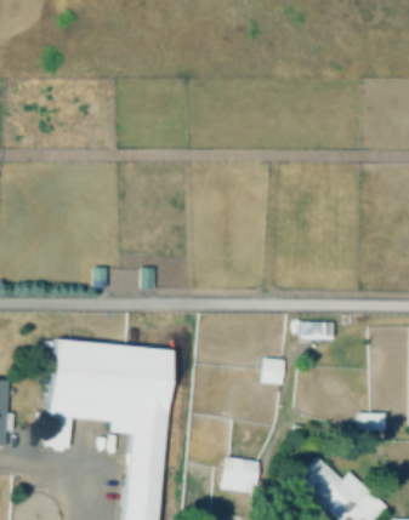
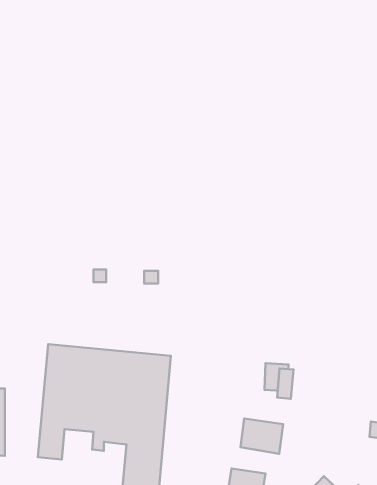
building: [297,320,330,337] -> none
building: none -> [241,418,283,454]

